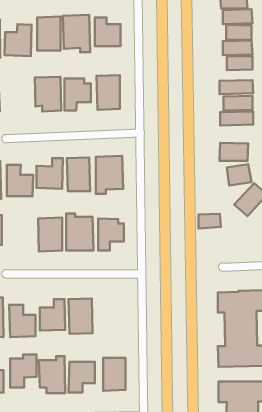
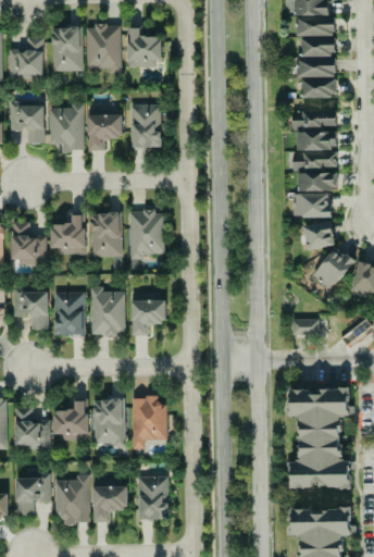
building: none -> [9,106,43,145]
building: none -> [297,173,337,193]
building: [198,214,221,229] -> [291,319,321,338]
building: none -> [12,292,48,331]
building: none -> [130,398,166,449]

